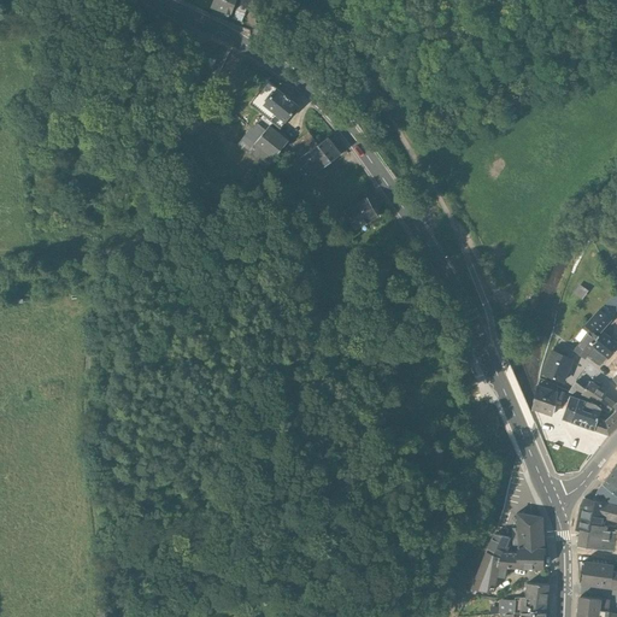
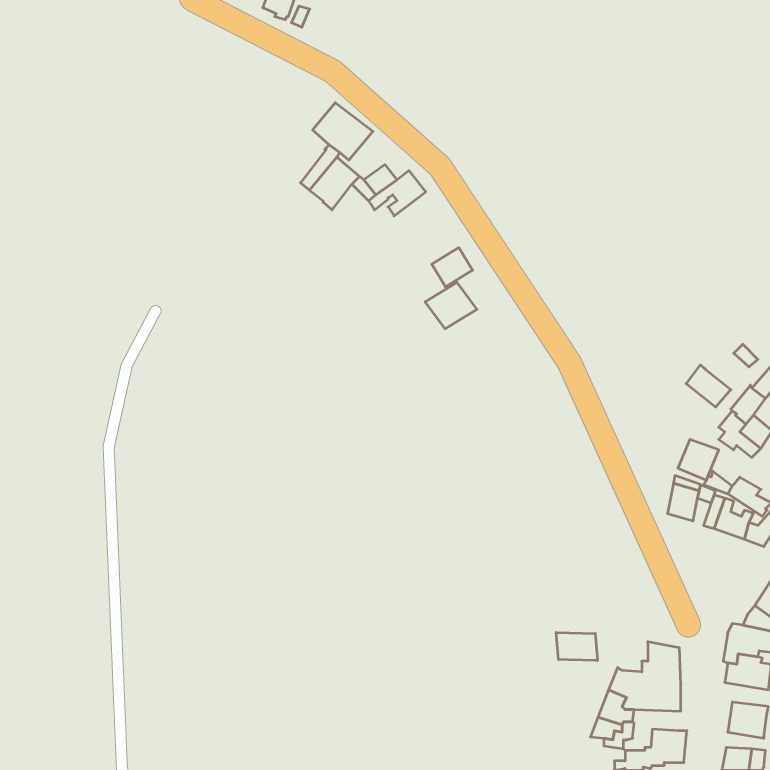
building: none -> [425,282,477,329]
building: none -> [686,365,731,407]
building: none -> [556,632,597,661]

